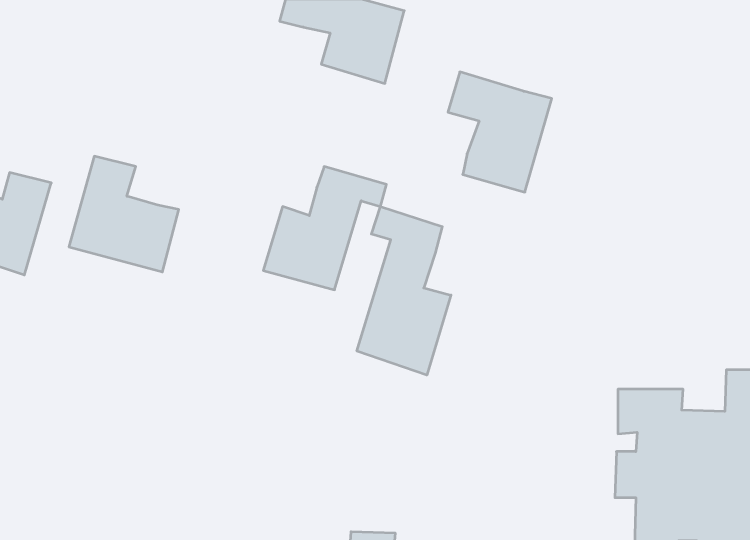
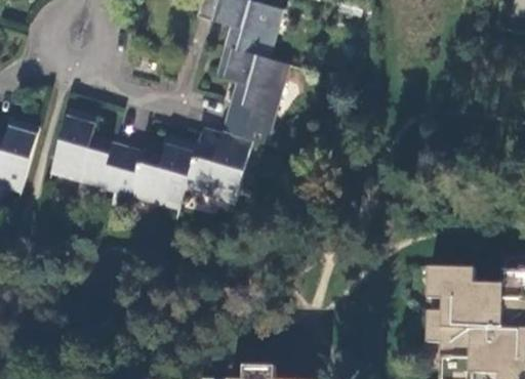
building: [448,72,552,192] -> [216,45,288,128]
building: none -> [115,135,198,207]
building: [357,207,451,375] -> none

